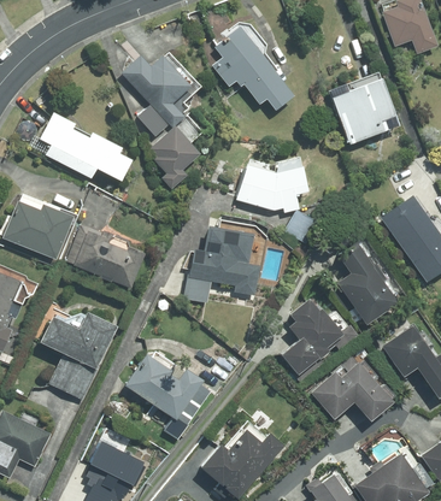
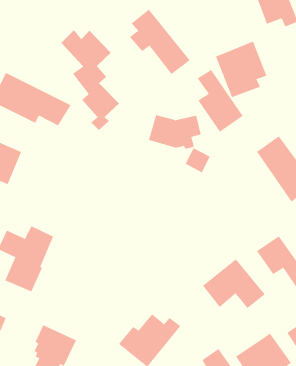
building: [66,223,146,289] -> none
building: [184,228,261,302] -> none
building: [336,242,398,325] -> [197,69,243,133]
building: [283,300,342,375] -> none
building: [125,355,204,420] -> none

